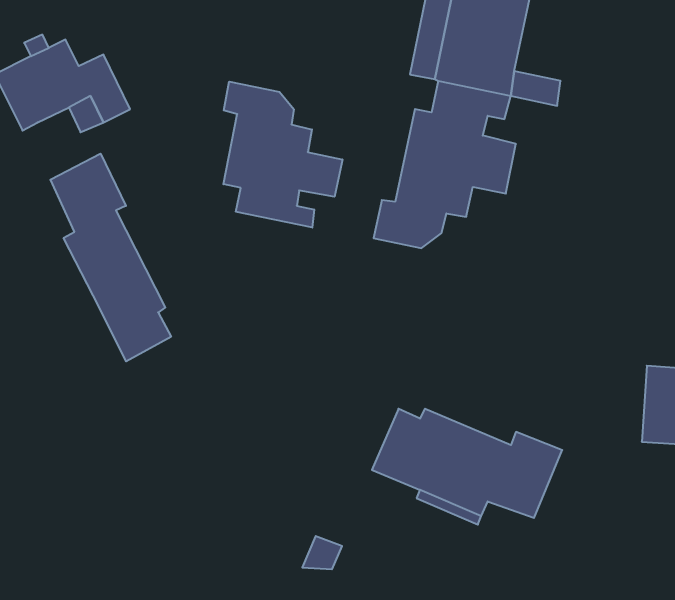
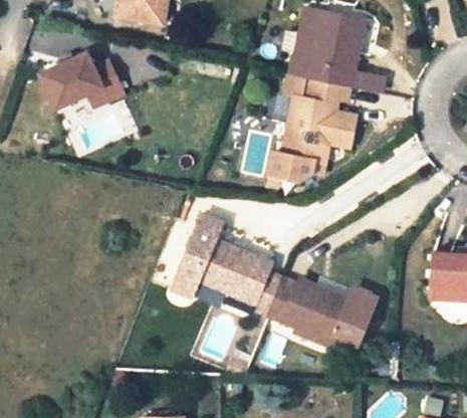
building: [223,82,342,228] -> none
building: [50,154,171,361] -> none
building: none -> [172,212,282,316]

